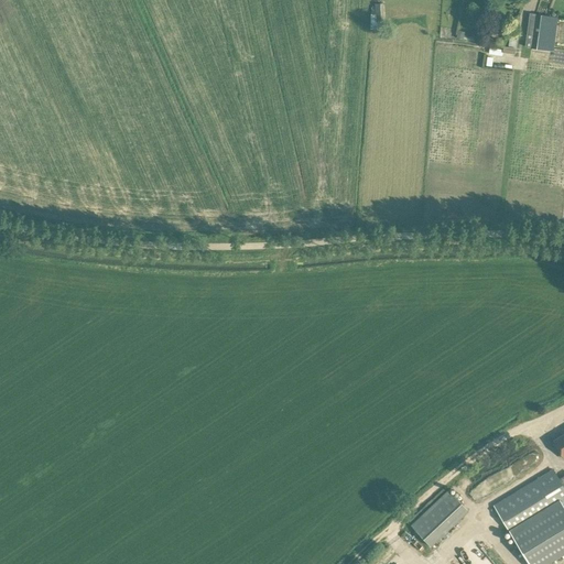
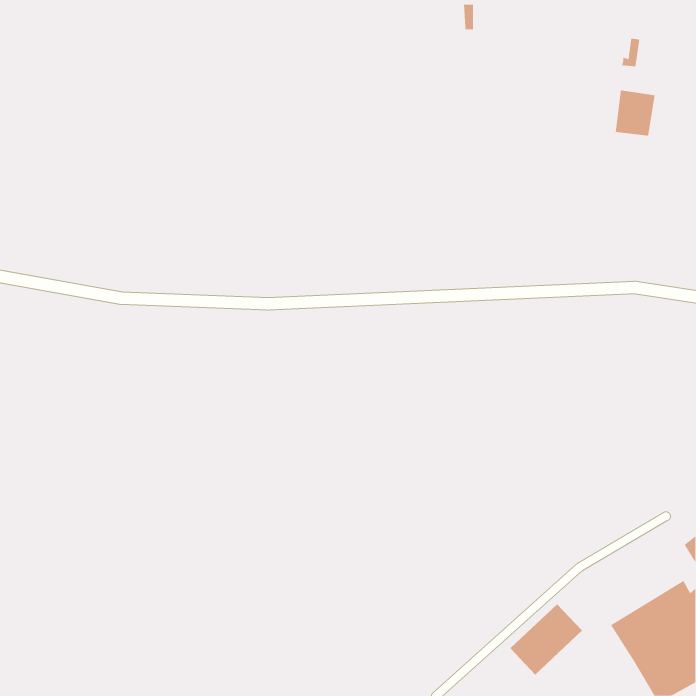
building: [525,13,558,51] -> [615,90,656,136]

